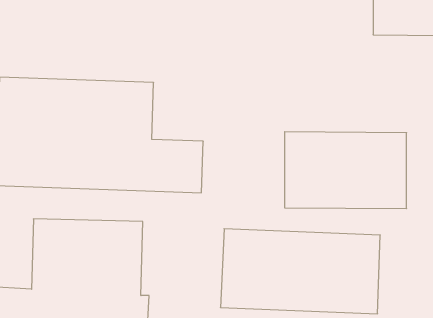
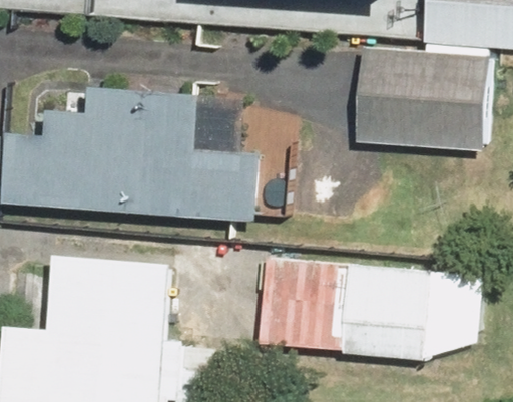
building: [285,132,407,209] -> [357,60,492,145]

